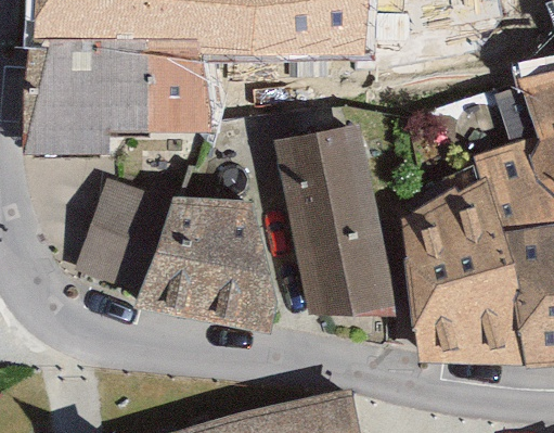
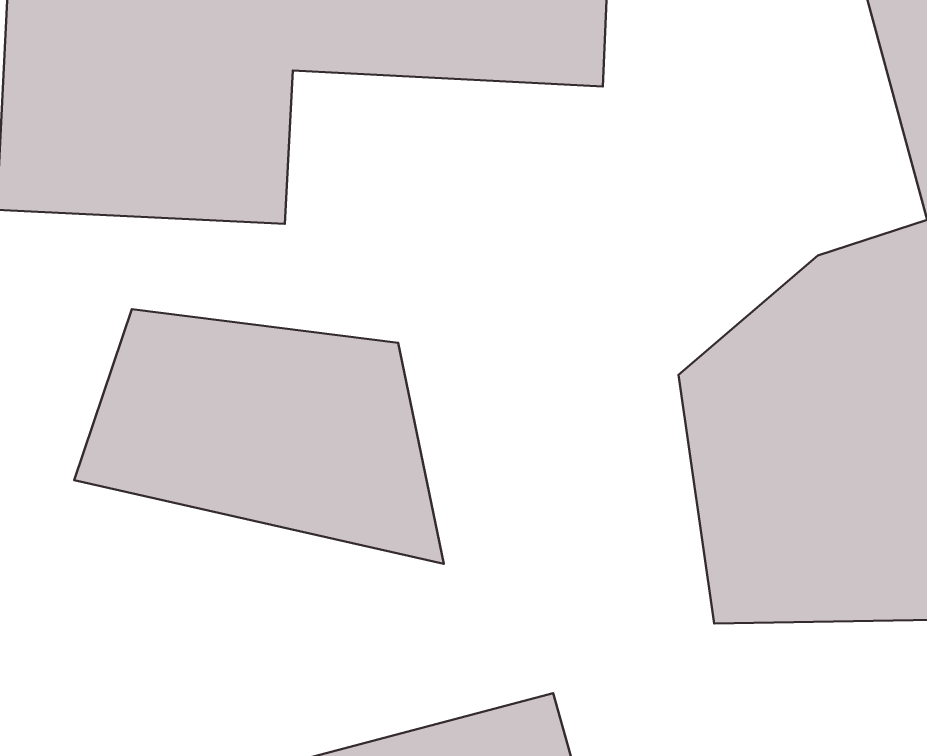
building: [283,123,403,320] -> none

